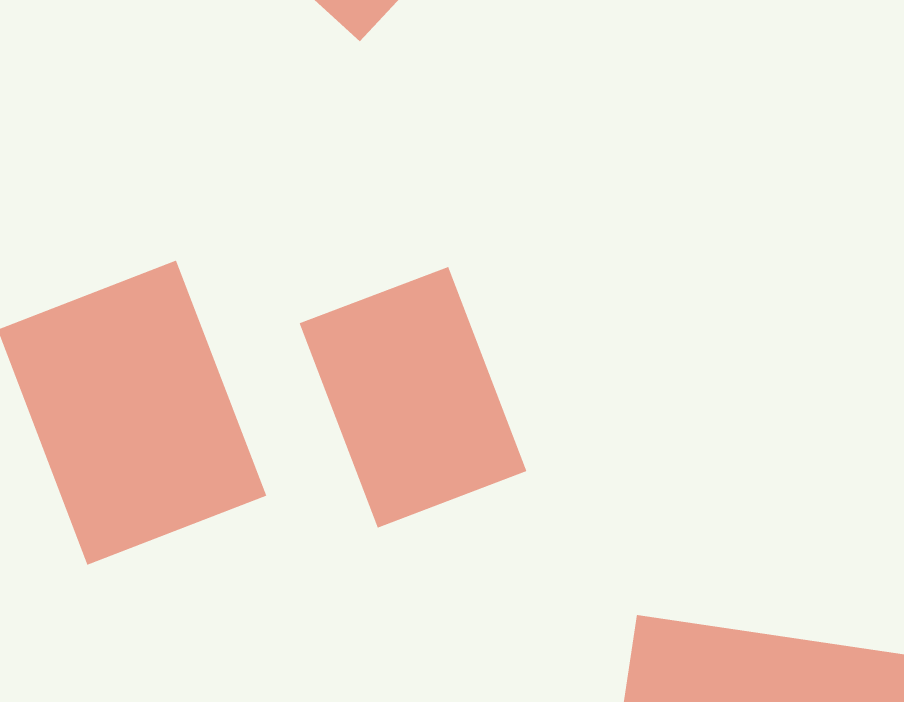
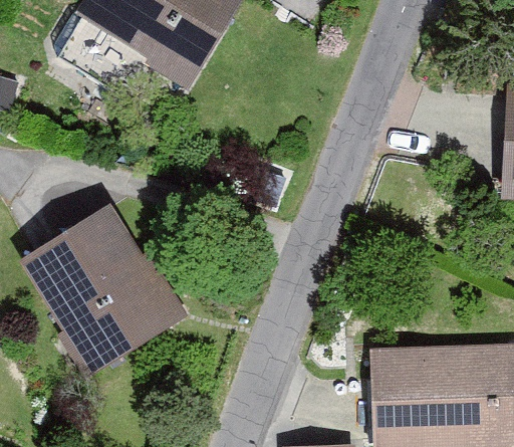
building: [299,266,527,528] -> none

